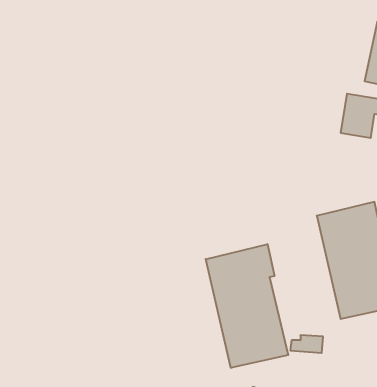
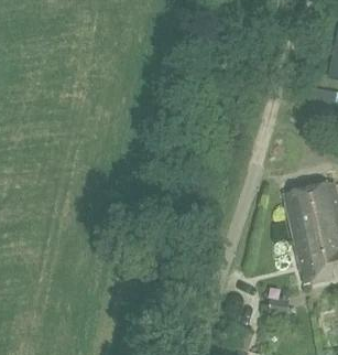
building: [206,244,288,368] -> none

